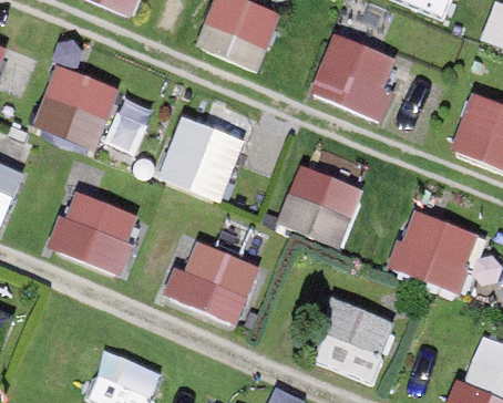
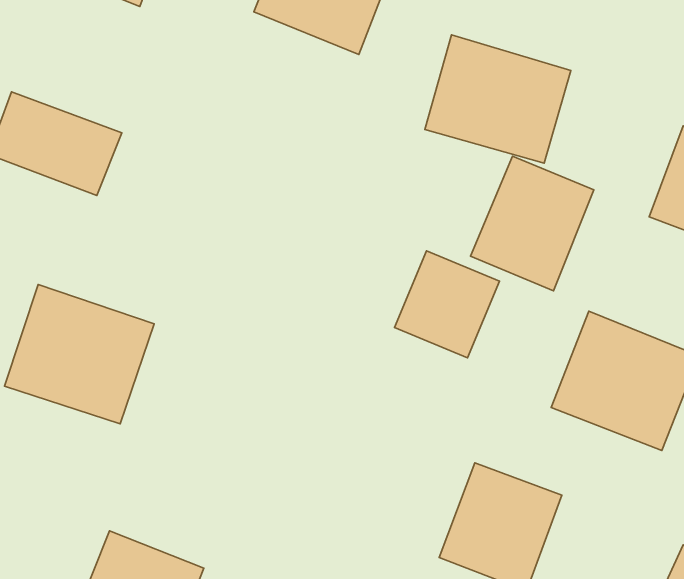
building: none -> [471,156,594,291]
building: [157,120,244,203] -> none
building: [168,240,259,324] -> none

